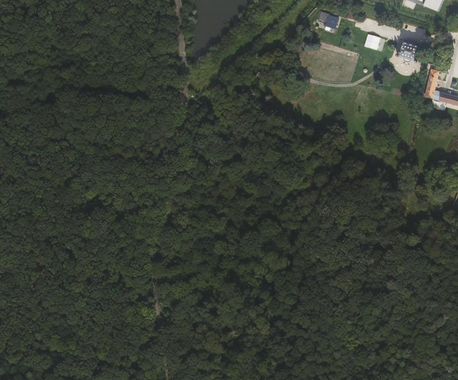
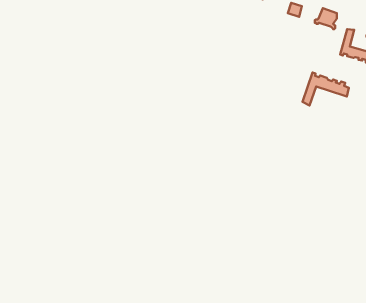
building: none -> [302,73,349,106]

